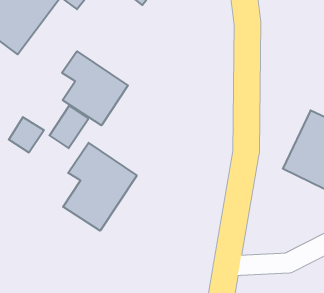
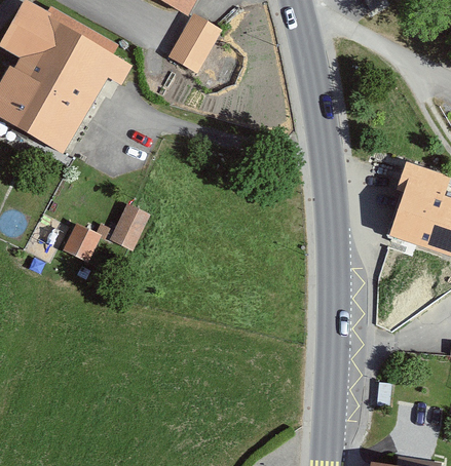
building: [62,51,128,125] -> none
building: [63,143,137,231] -> none

